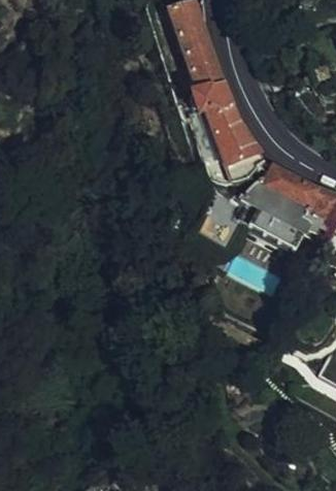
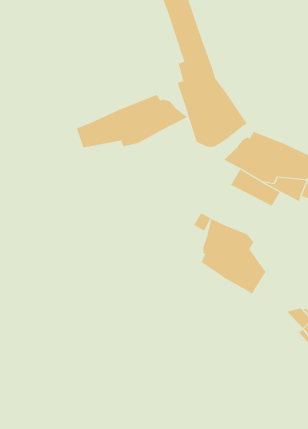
building: none -> [76,94,188,148]
building: none -> [201,218,266,294]

